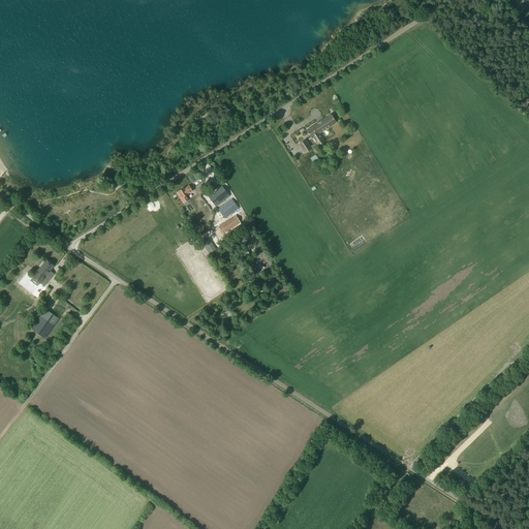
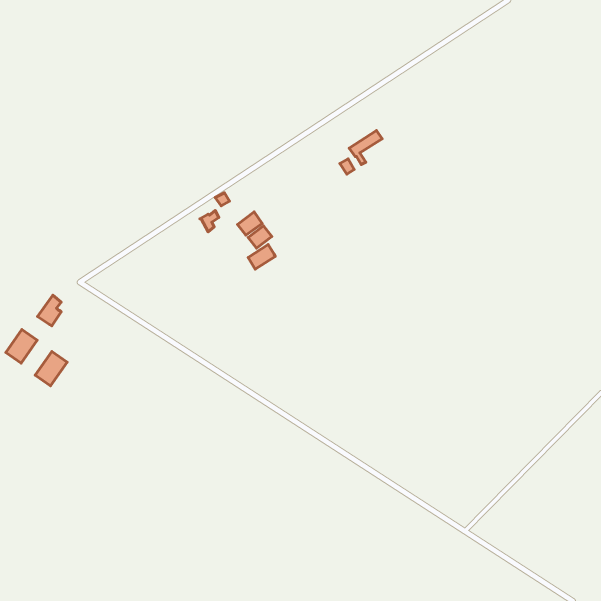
building: none -> [6,329,37,363]

